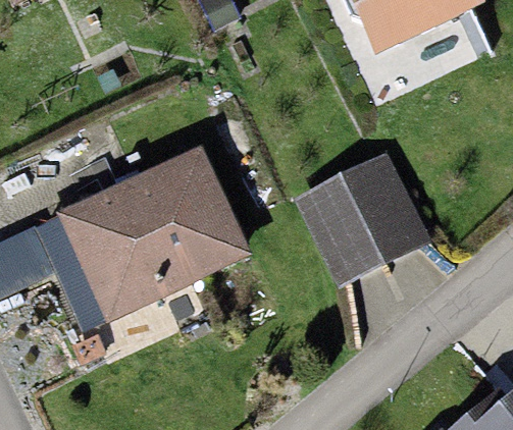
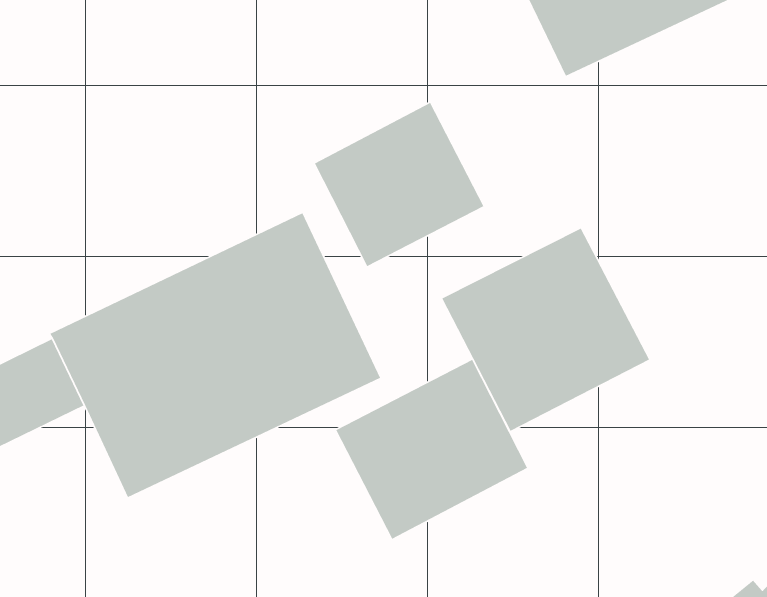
building: none -> [314,102,484,267]
building: none -> [335,359,528,540]

